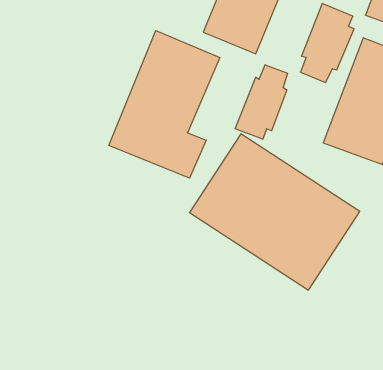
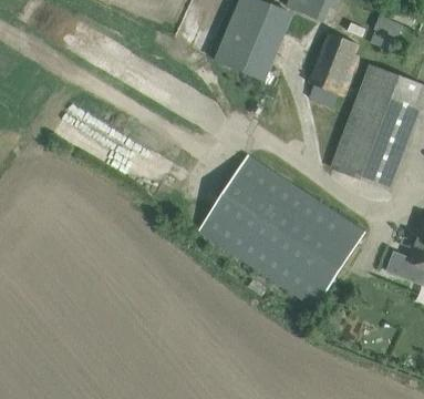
building: [109,31,220,178] -> none
building: [235,65,287,139] -> none

